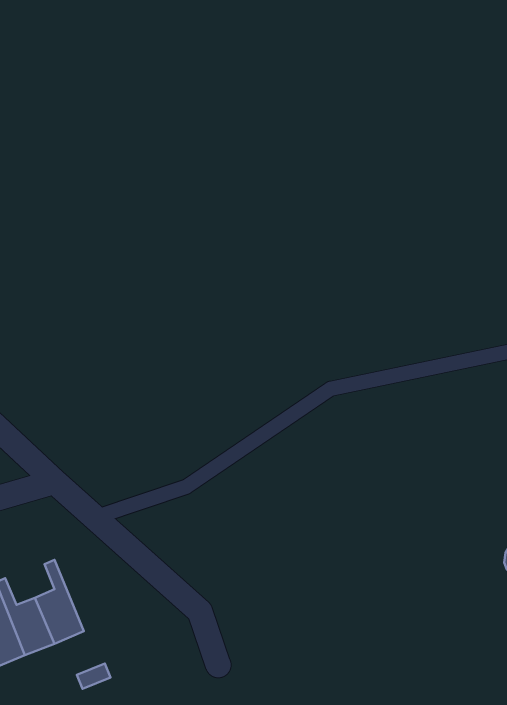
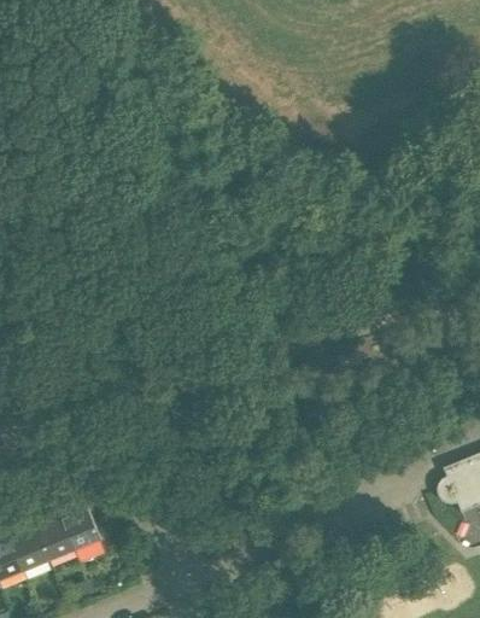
building: none -> [51,488,101,553]

